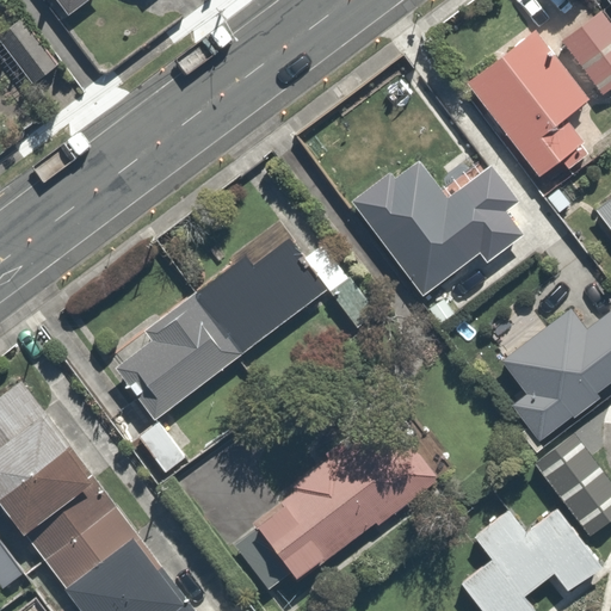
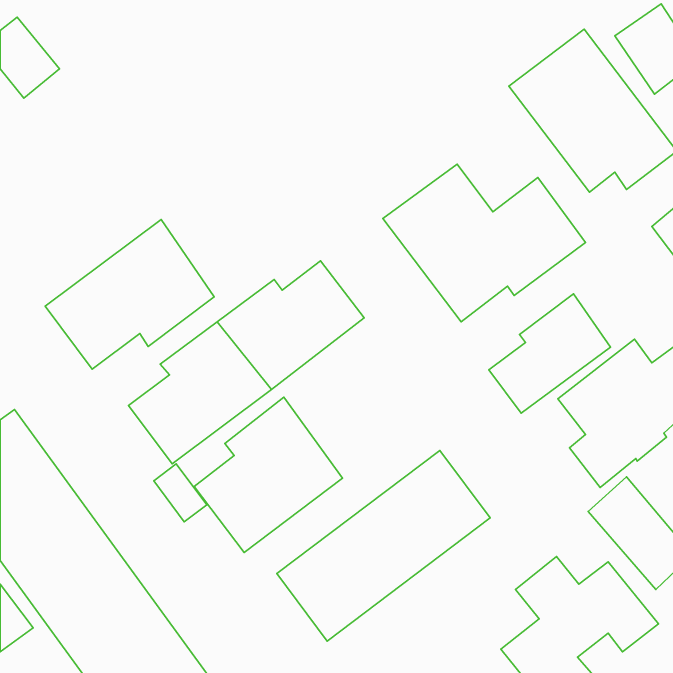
building: none -> [45,220,214,369]
building: none -> [489,294,611,413]
building: none -> [194,397,343,553]

